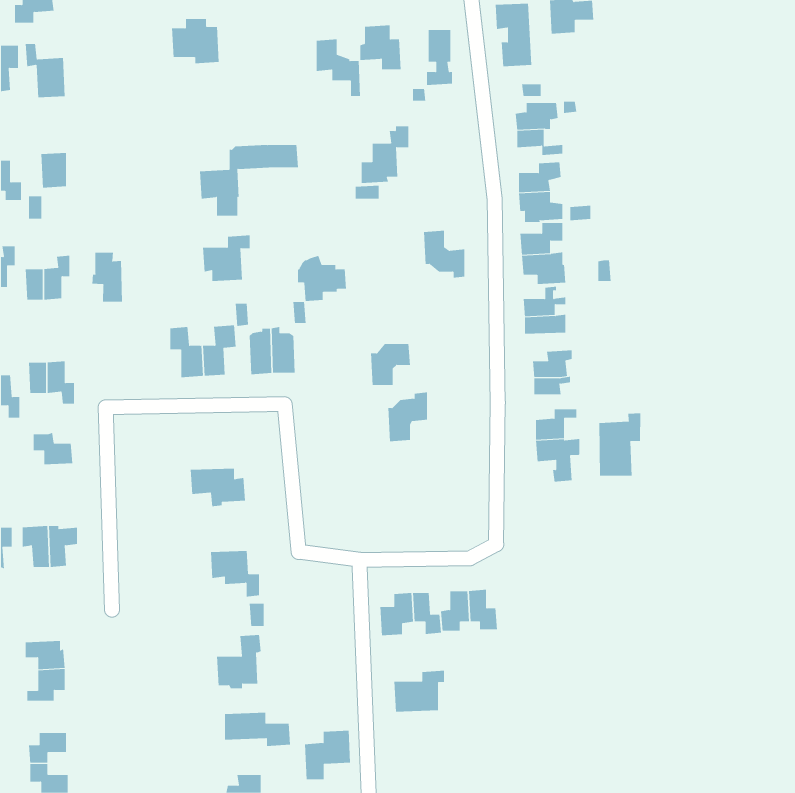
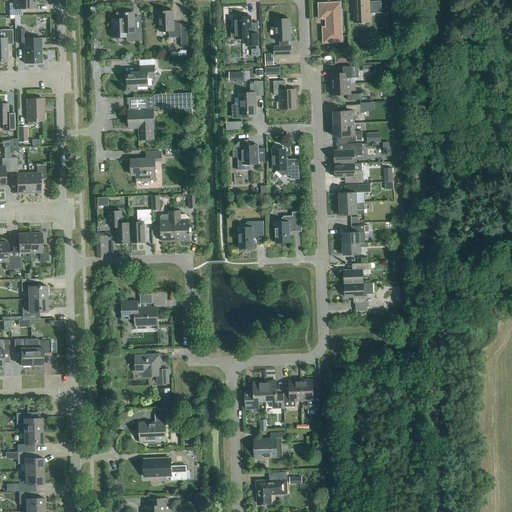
building: [316,39,361,96] -> [159,10,188,47]
building: none -> [126,65,155,91]
building: none -> [274,81,296,109]
building: [92,252,122,302] -> none
building: [297,255,347,302] -> [233,139,265,169]
building: [387,392,428,442] -> [275,211,301,243]
building: [599,412,641,476] -> none
building: none -> [22,298,47,319]
building: none -> [17,451,43,471]
building: [304,730,351,780] -> [257,471,287,503]

